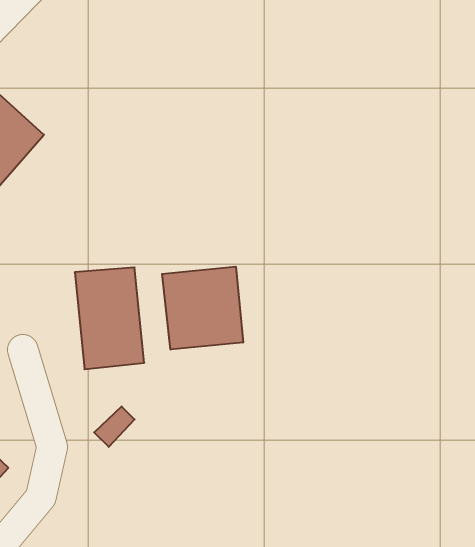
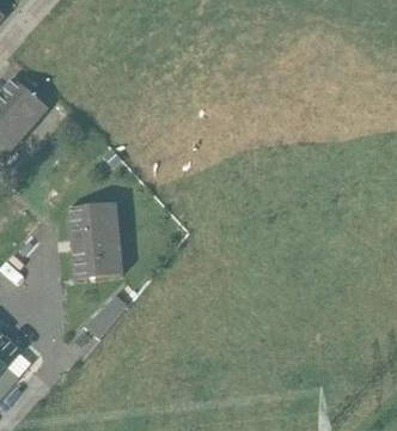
building: [162,267,243,350] -> none

